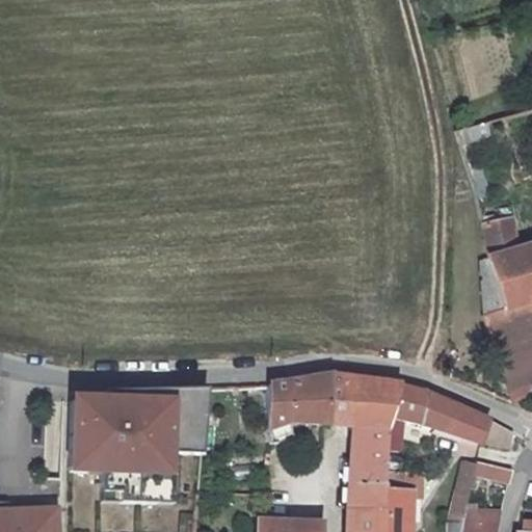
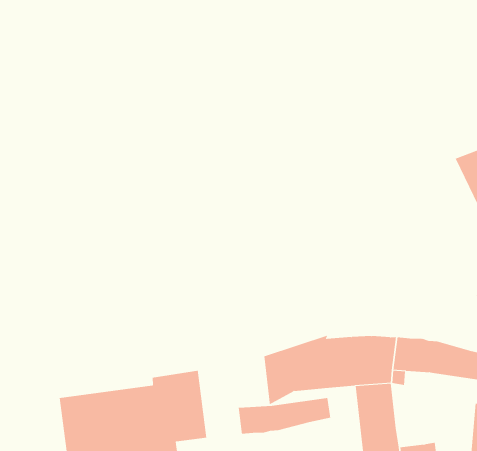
building: none -> [238,397,331,434]

